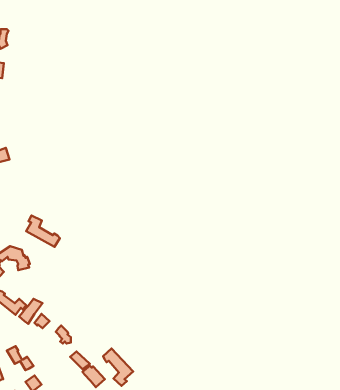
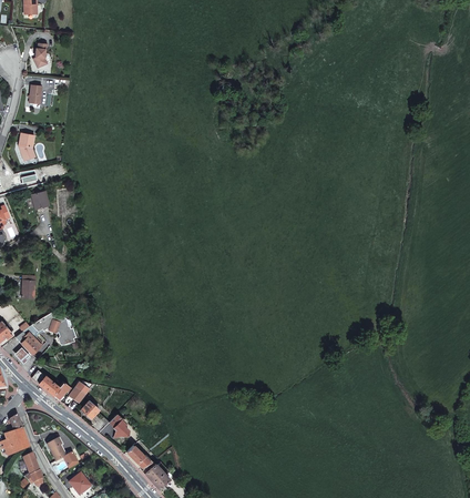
building: [26,216,60,247] -> none
building: [103,349,133,386] -> none

